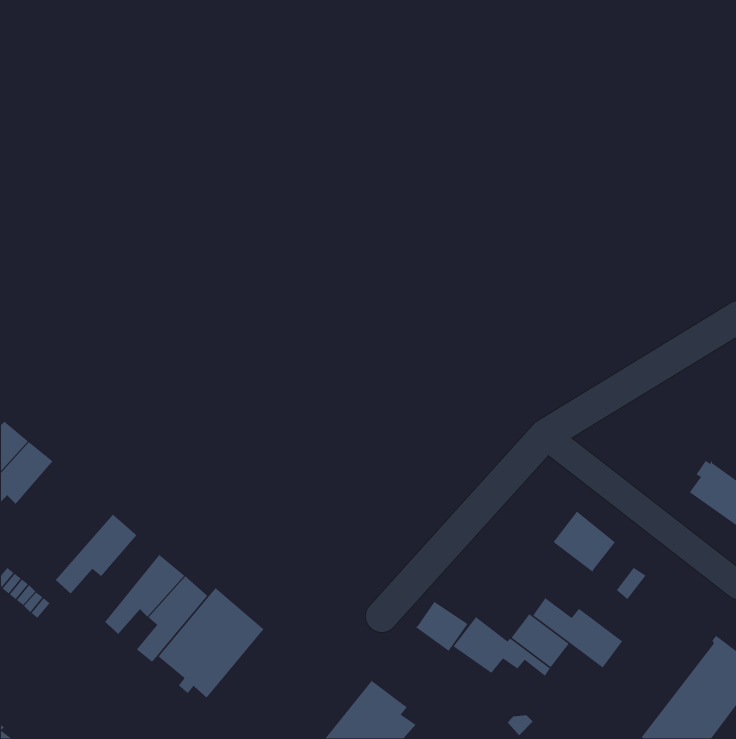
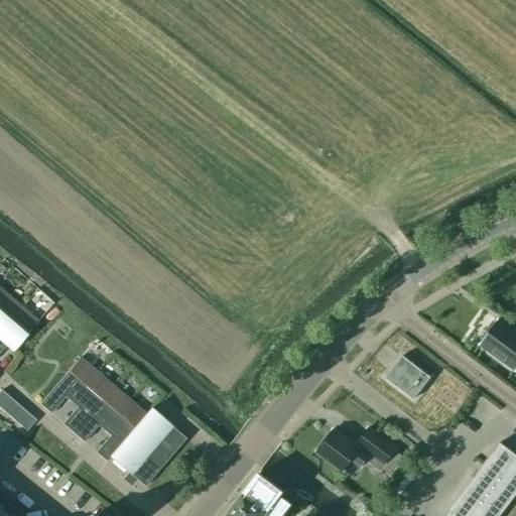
building: none -> [63,373,113,433]
building: [532,597,623,668] -> none
building: [415,601,469,652] -> none

